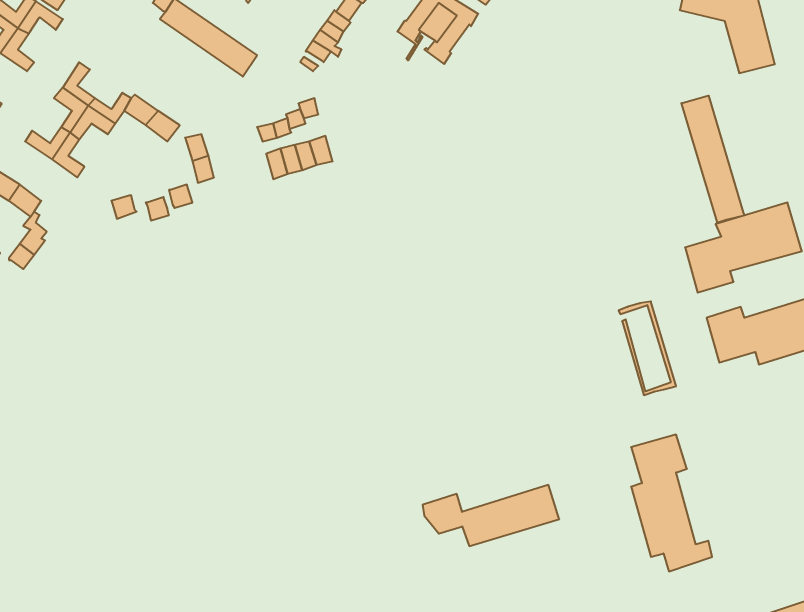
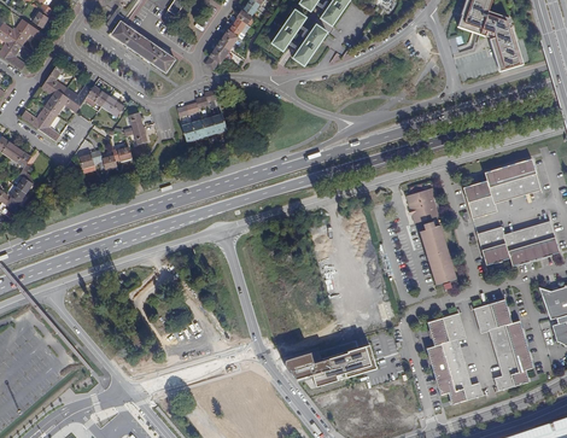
building: [681,96,745,223] -> none
building: none -> [407,187,438,222]
building: none -> [420,226,454,284]
building: none -> [475,298,533,390]

